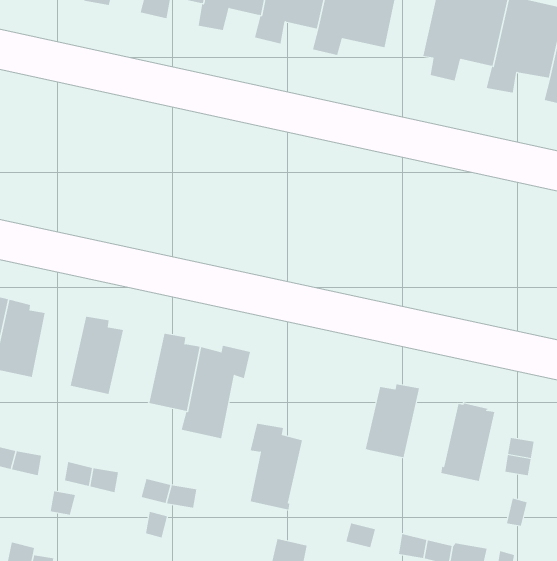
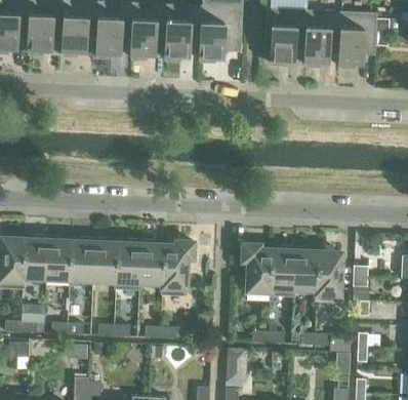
building: none -> [70,237,94,280]
building: none -> [116,239,141,282]
building: none -> [293,246,319,289]
building: [250,423,303,510] -> [242,244,272,291]

